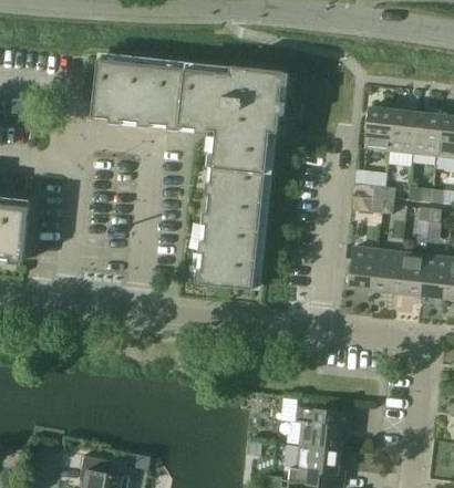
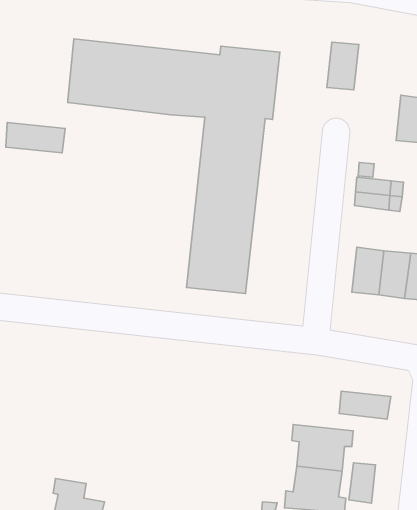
building: [365,106,394,149] -> [327,42,359,90]
building: none -> [6,122,65,153]
building: none -> [339,391,391,419]
building: none -> [349,463,376,503]

